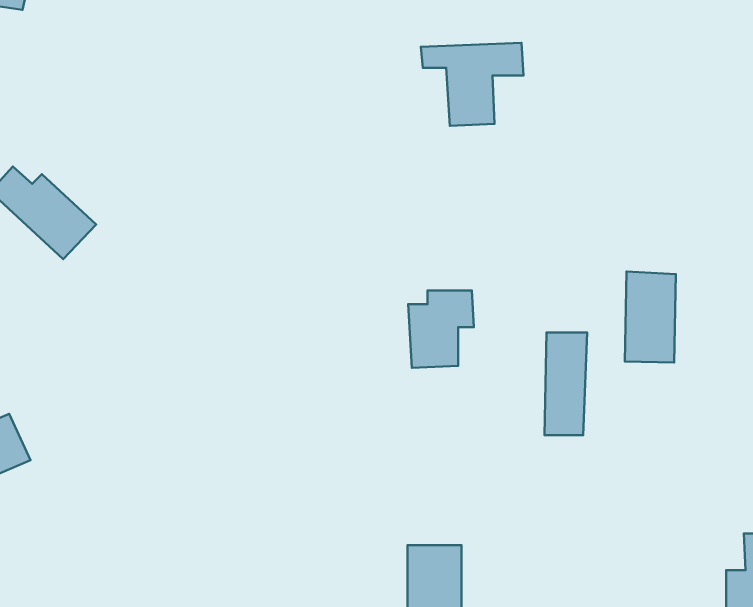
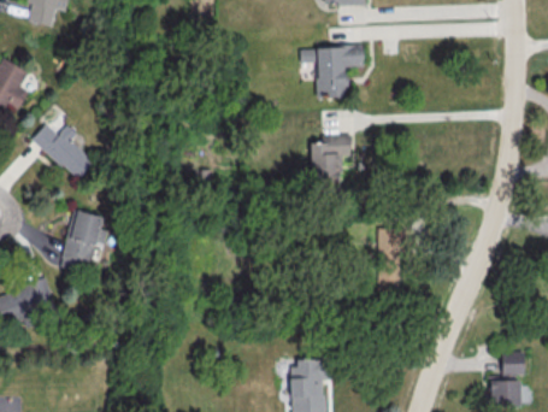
building: [625,271,676,363] -> none
building: [408,291,474,368] -> [311,134,352,182]
building: none -> [61,208,106,272]

